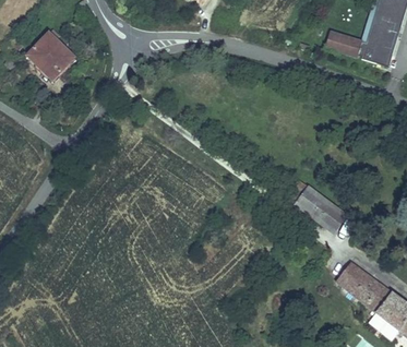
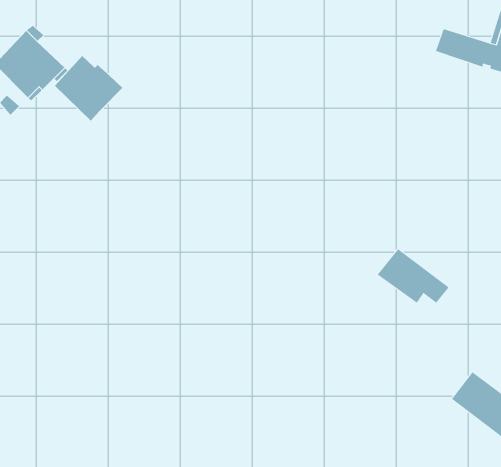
building: none -> [54,55,123,121]
building: [312,205,347,232] -> none

